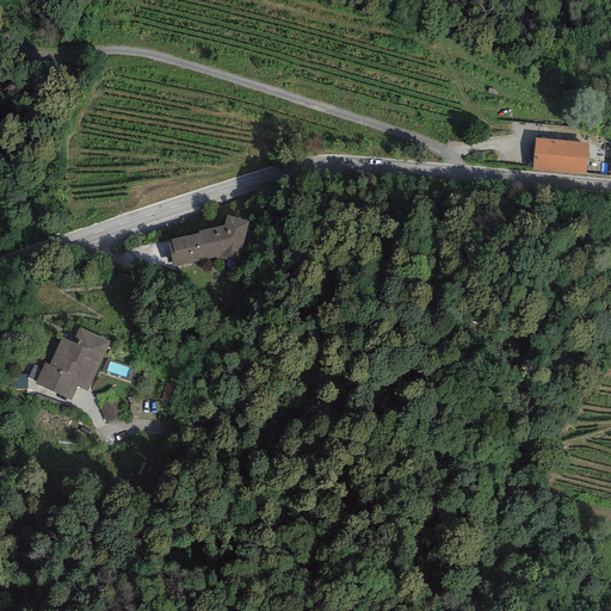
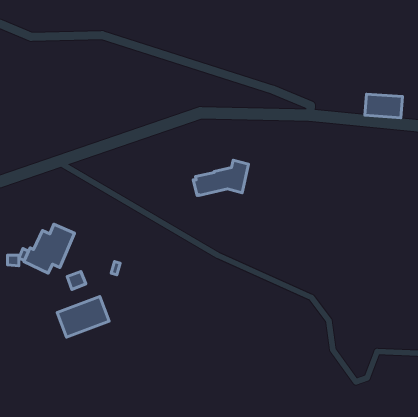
building: [167,214,248,265] -> [193,160,249,195]
building: none -> [57,297,109,337]

